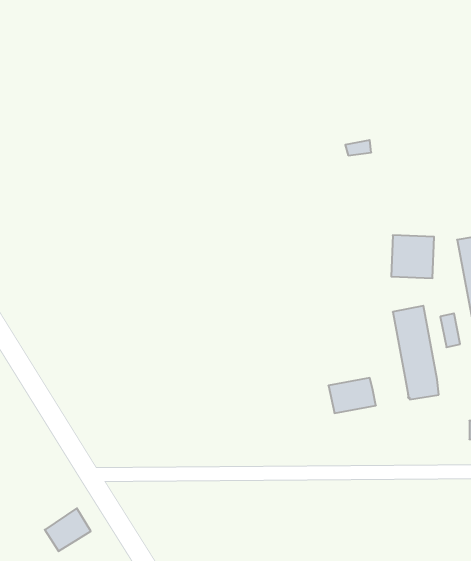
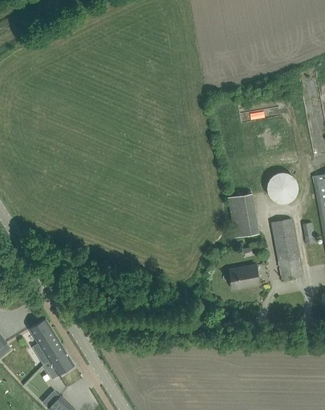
building: none -> [228,193,259,238]
building: none -> [29,319,65,365]

